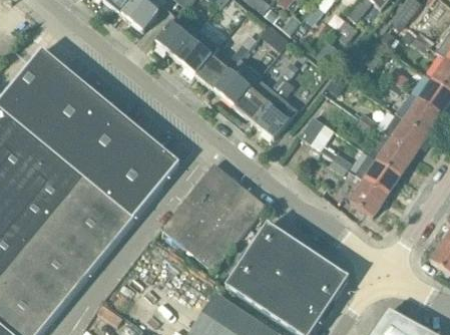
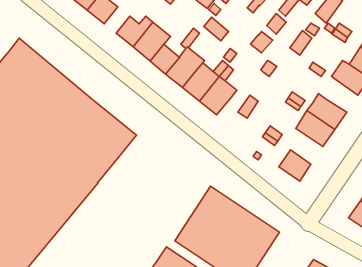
building: [403,98,441,135] -> none
building: [355,154,400,197] -> none
building: [161,162,267,271] -> none

